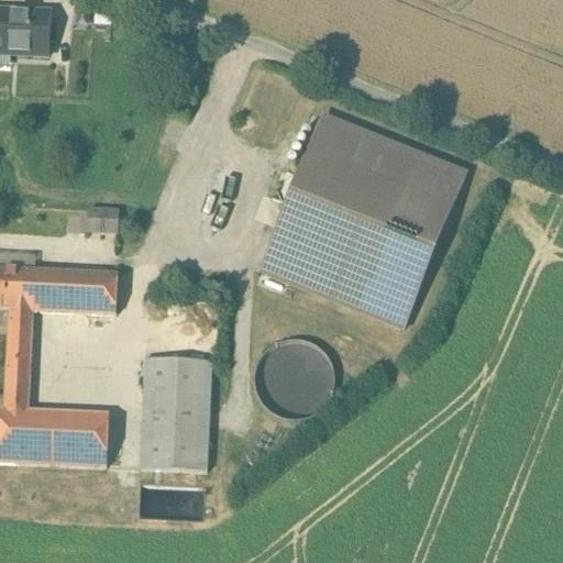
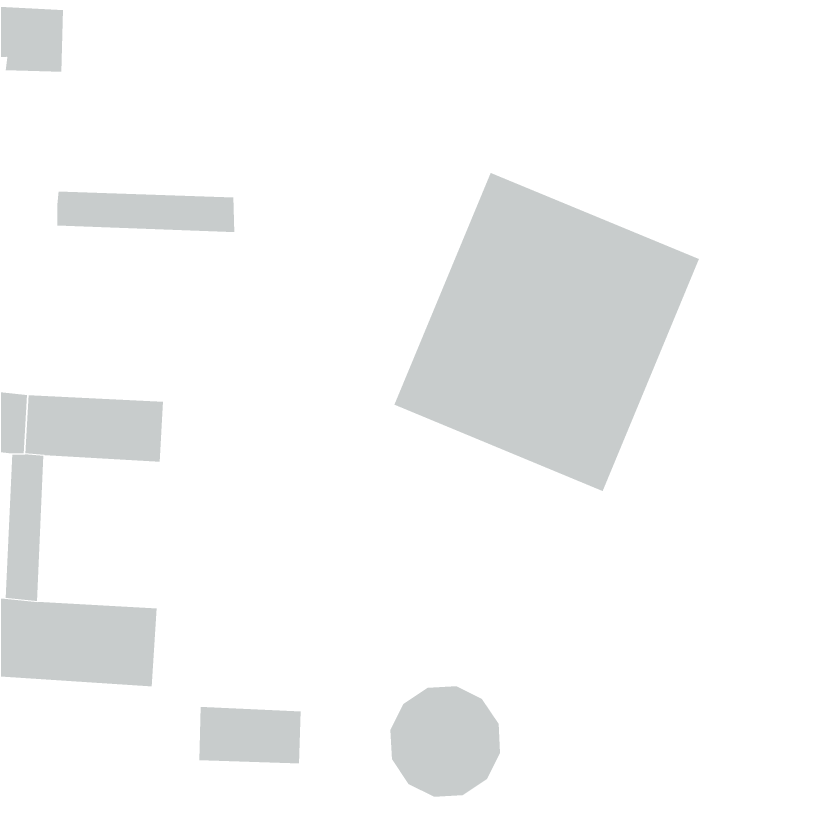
building: none -> [57,191,235,233]
building: [82,203,114,224] -> none
building: [262,343,336,418] -> [390,686,501,797]
building: [136,354,208,465] -> none

